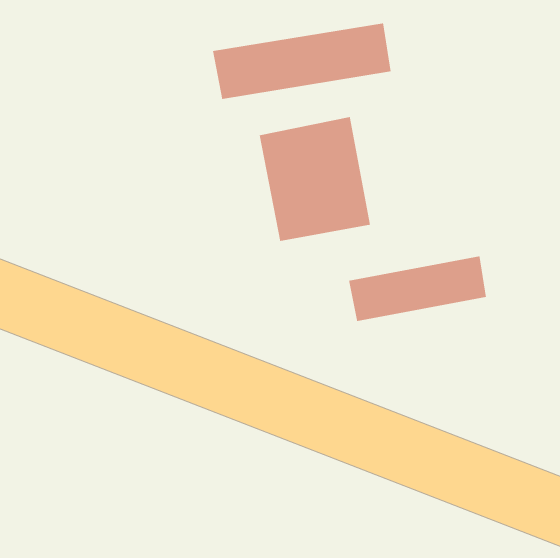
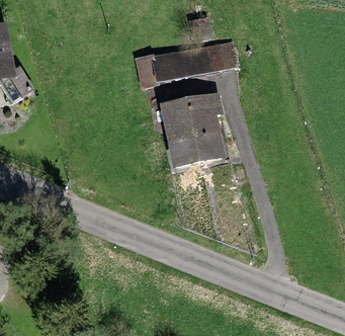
building: [349,255,487,322] -> none

